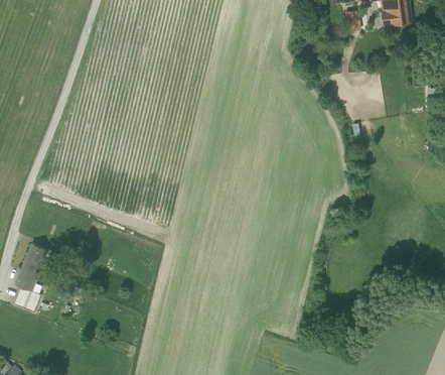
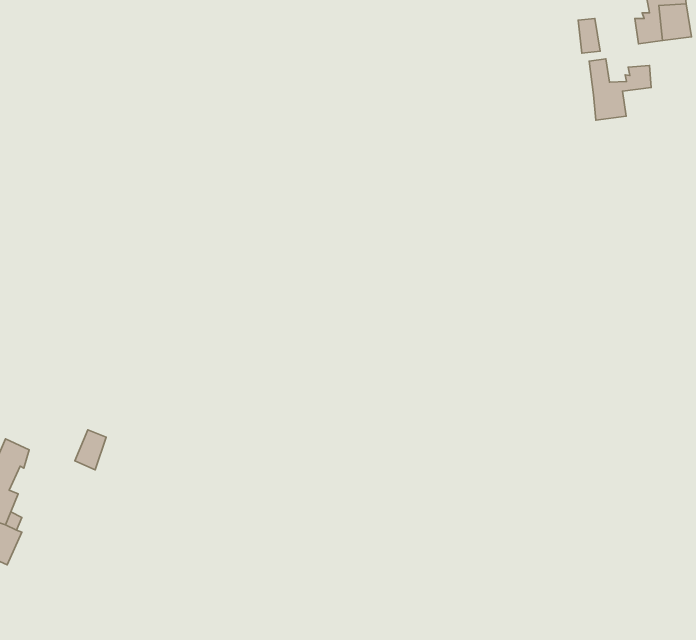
building: none -> [589,59,651,120]

